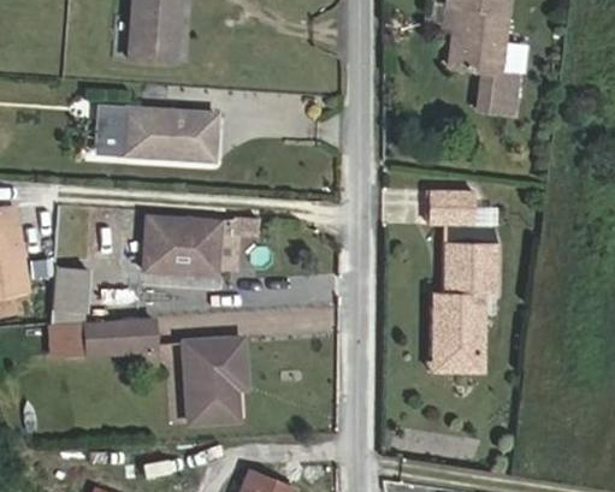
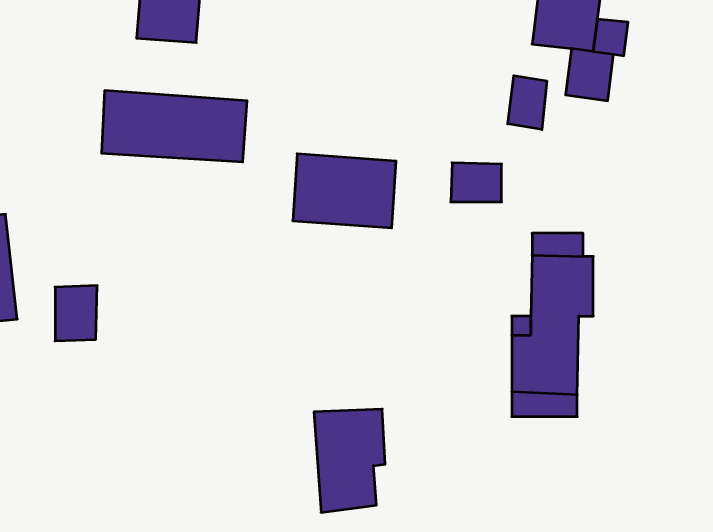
building: none -> [508,76,547,130]
building: [432,190,474,223] -> [451,163,502,202]
building: [137,212,223,273] -> [293,154,396,228]
building: [53,316,158,355] -> none
building: [191,336,250,421] -> [314,409,385,512]

